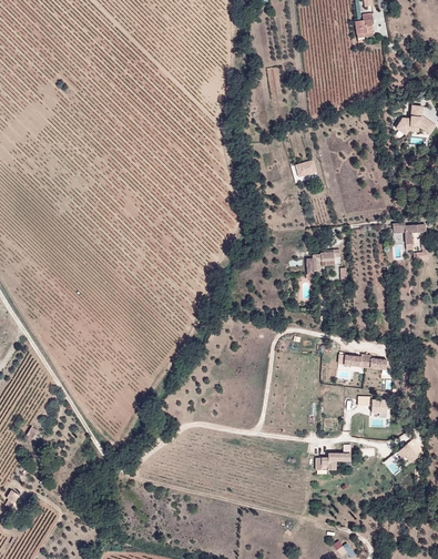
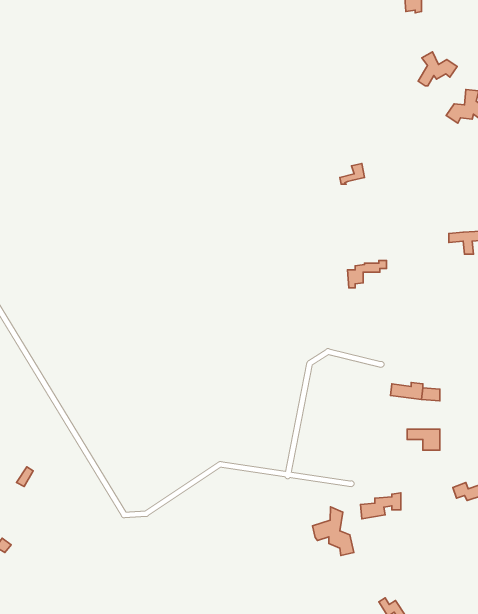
building: none -> [418,52,457,86]
building: none -> [313,507,354,556]

